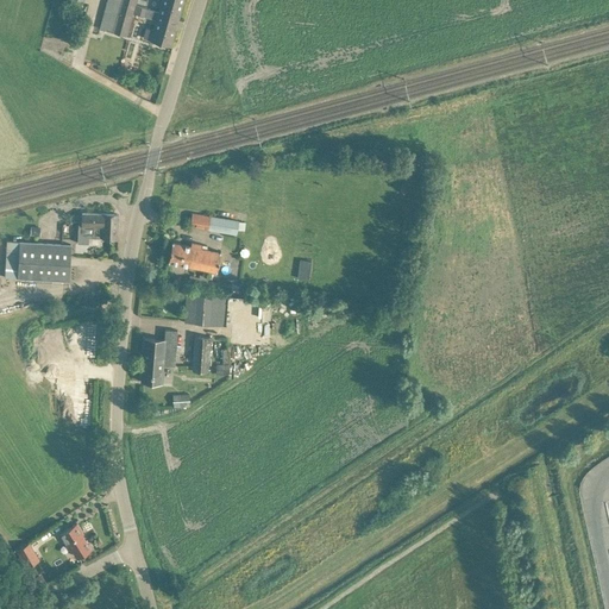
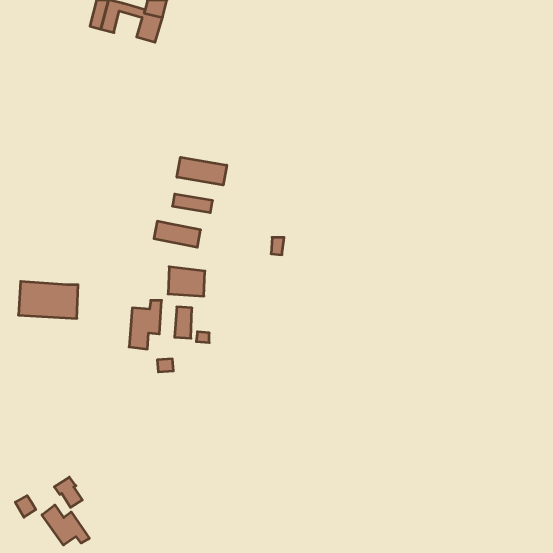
building: none -> [177,157,227,185]
building: [79,214,119,245] -> none
building: [6,241,71,282] -> [18,281,78,318]
building: none -> [42,505,89,545]

